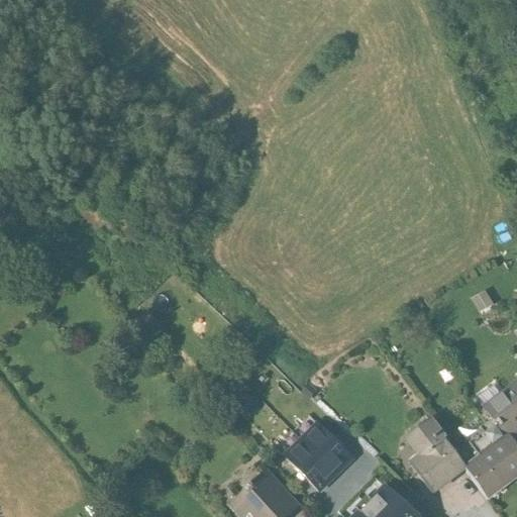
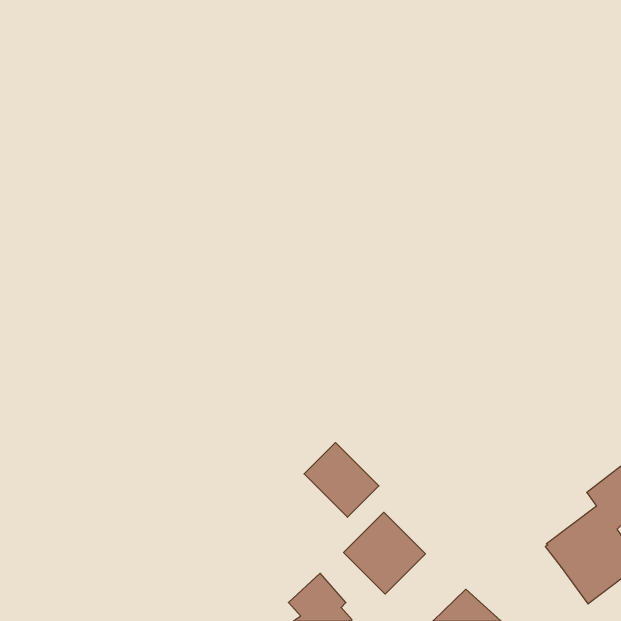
building: none -> [304,443,379,517]
building: [409,420,467,493] -> none

